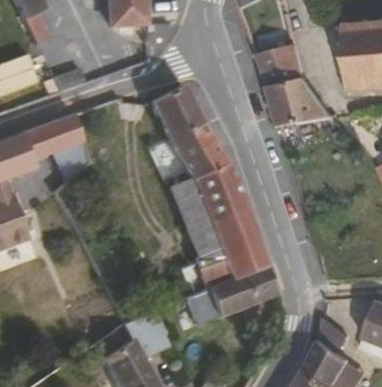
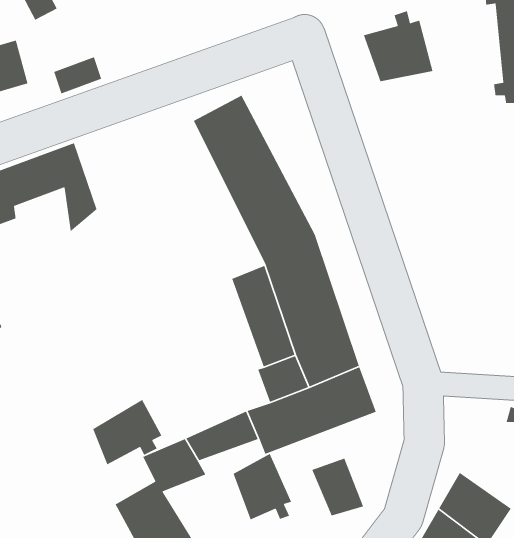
building: [266,75,330,123] -> none
building: none -> [92,399,162,466]
building: none -> [233,453,292,521]
building: none -> [311,457,364,517]

